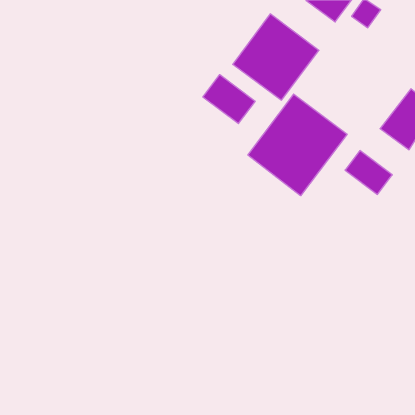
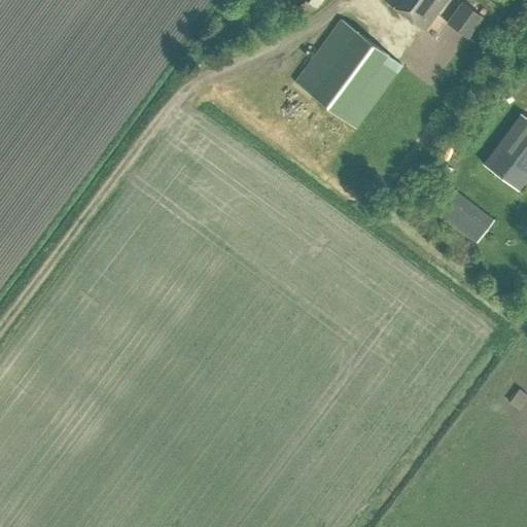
building: [203,75,255,124] -> none
building: [248,94,347,196] -> none

